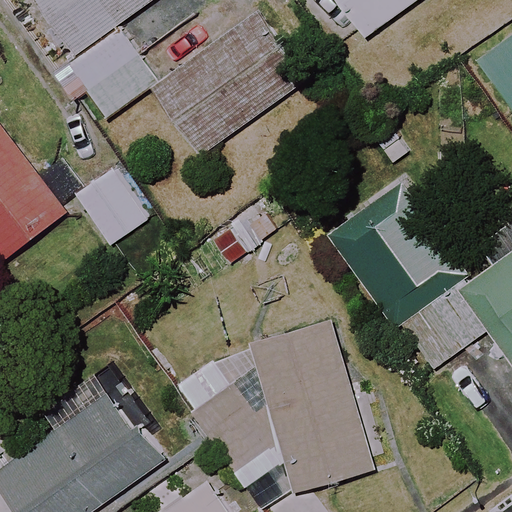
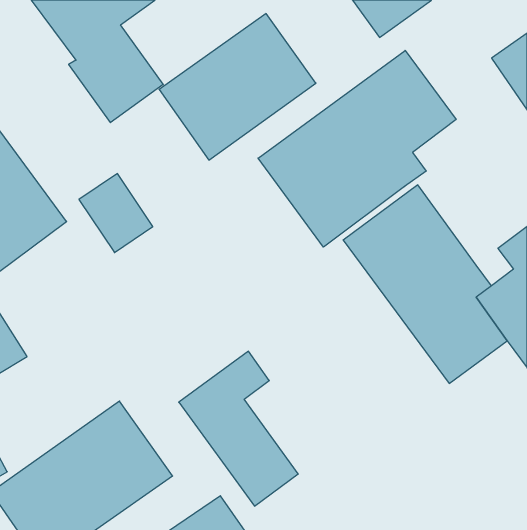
building: none -> [258,50,456,247]
building: [254,320,373,491] -> none

